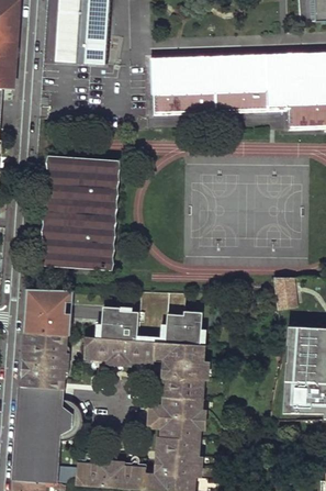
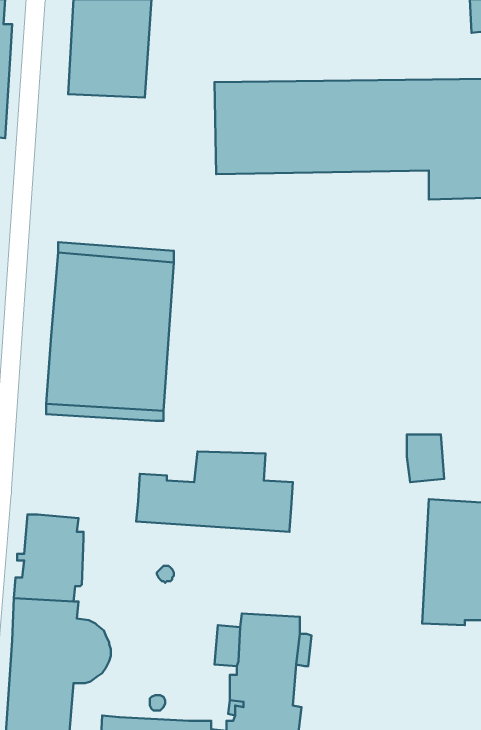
building: [23,289,68,335] -> none
building: [82,336,211,399] -> none

